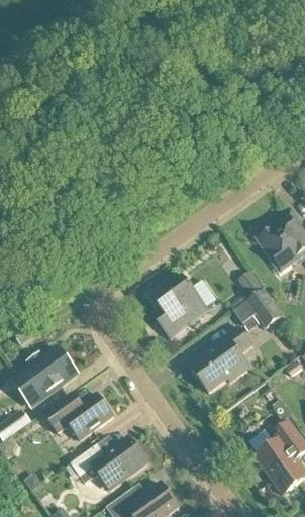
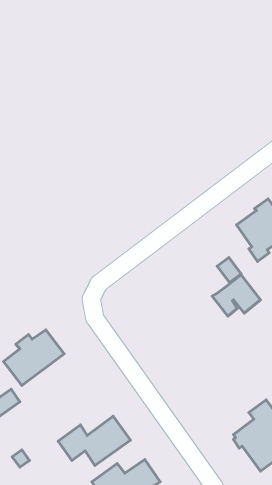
building: [148,274,208,337] -> none
building: [189,326,250,393] -> none
building: [42,392,112,440] -> none

